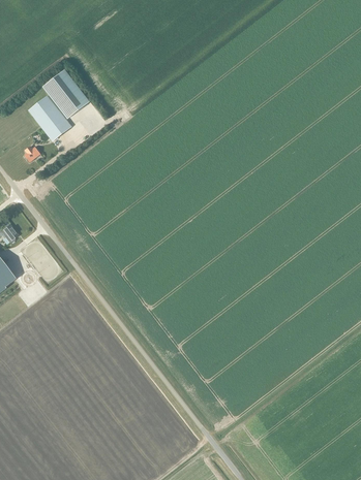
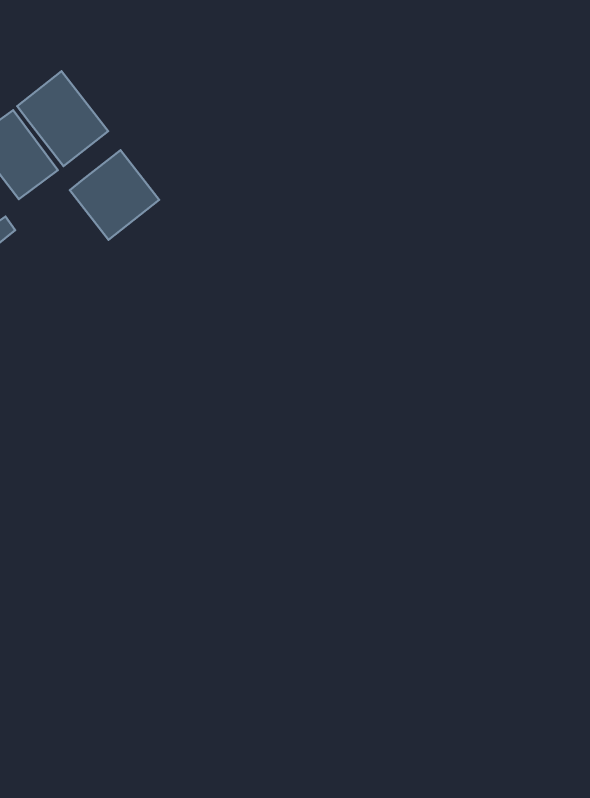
building: none -> [70,150,159,240]

